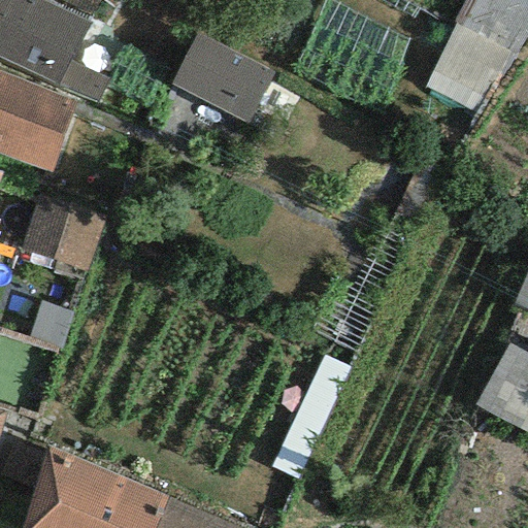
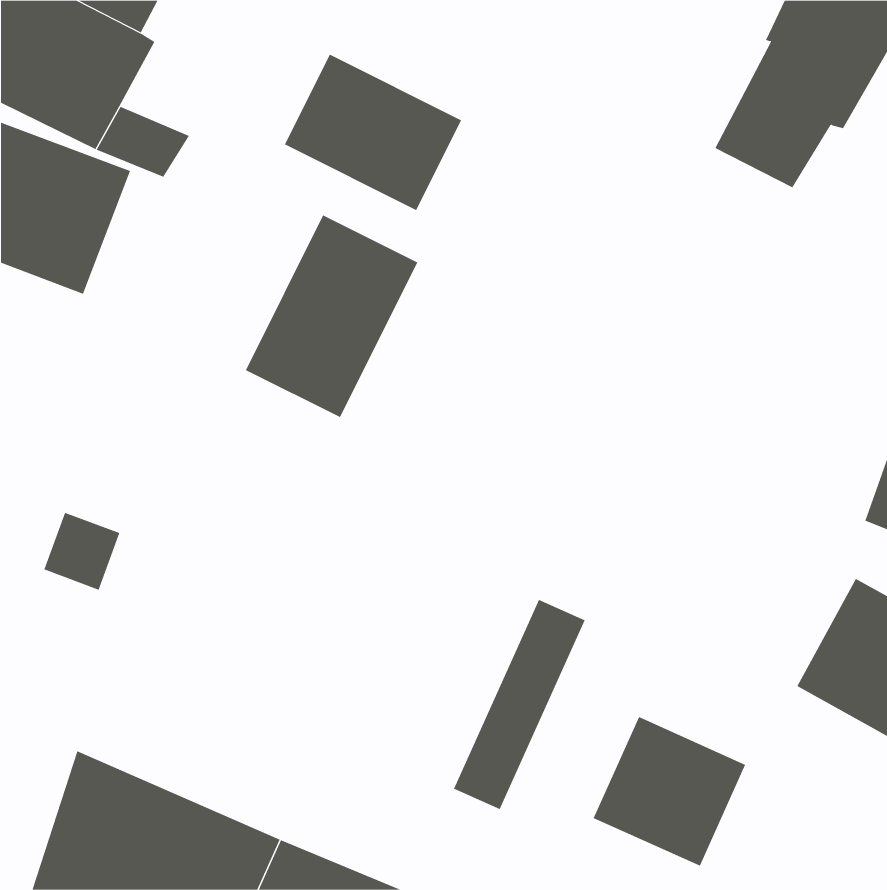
building: none -> [245,215,418,418]
building: [24,191,109,271] -> none
building: none -> [593,716,746,867]

